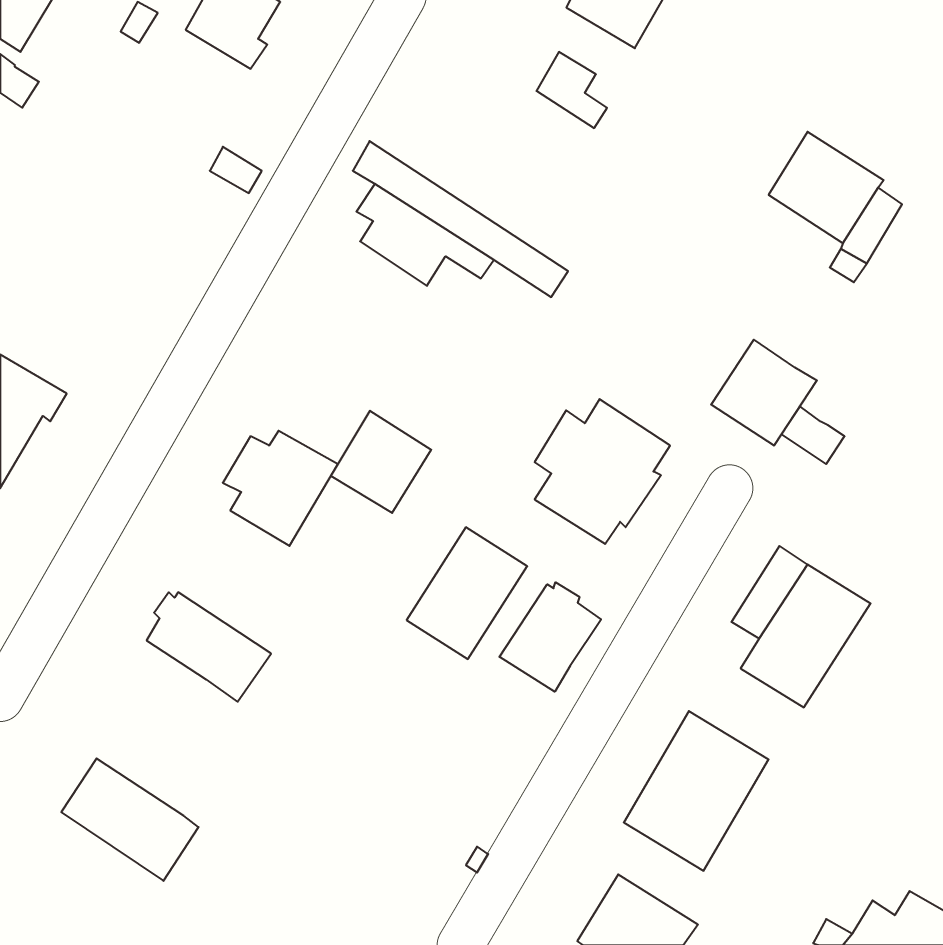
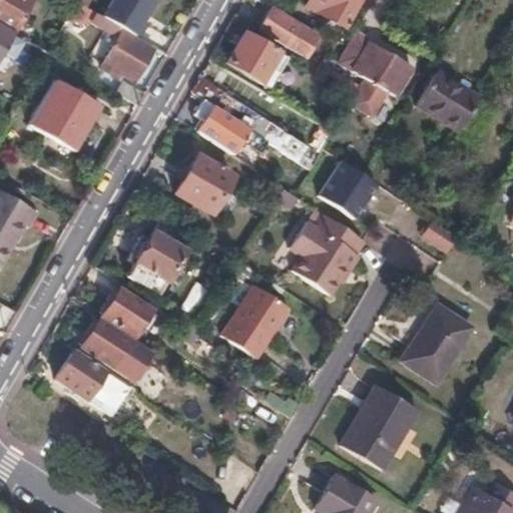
building: none -> [264,11,305,49]
building: none -> [104,24,151,78]
building: none -> [340,31,414,116]
building: none -> [229,33,288,82]
building: none -> [28,80,98,149]
building: [711,340,817,445] -> [321,159,378,216]
building: [331,411,431,513] -> [178,156,232,211]
building: none -> [100,289,151,336]
building: [499,582,601,692] -> none
building: [61,758,199,881] -> [55,352,129,418]

